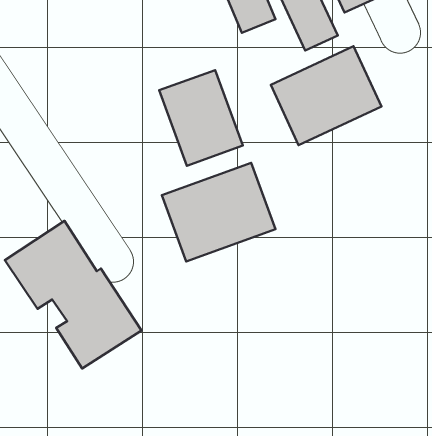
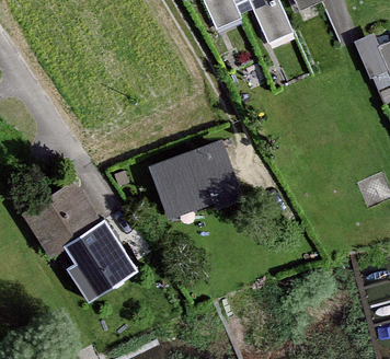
building: [271,46,382,145] -> none
building: [159,70,243,166] -> none

